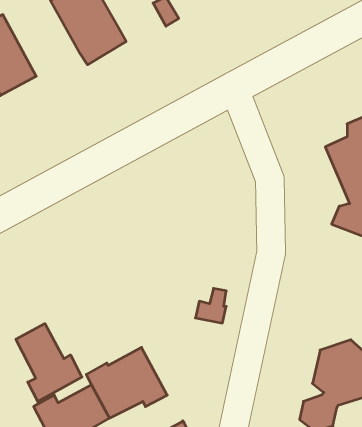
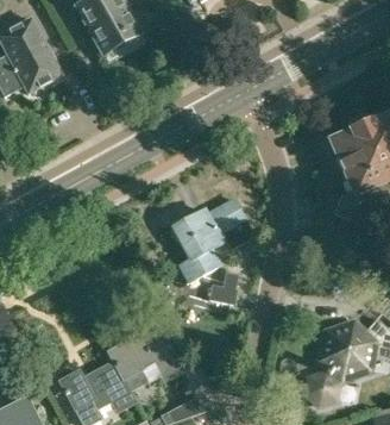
building: none -> [171,199,254,281]
building: [16,324,82,402] -> none

